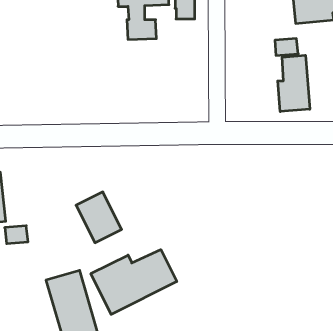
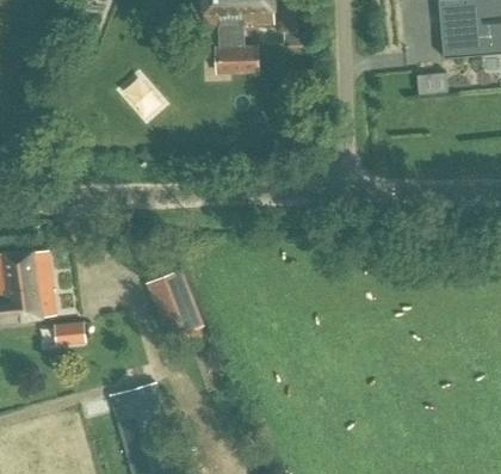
building: [278,55,310,112] -> none
building: [91,250,177,314] -> none

